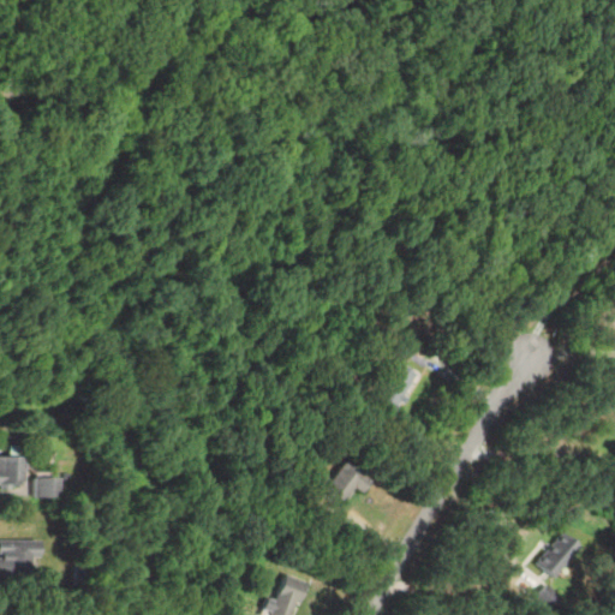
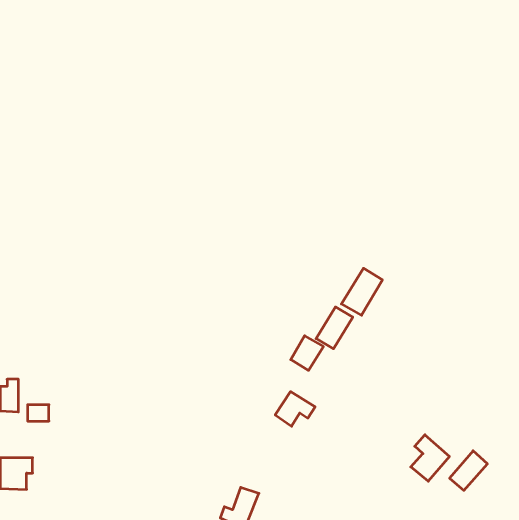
building: none -> [341,268,382,315]
building: none -> [291,336,323,370]
building: none -> [411,435,449,481]

